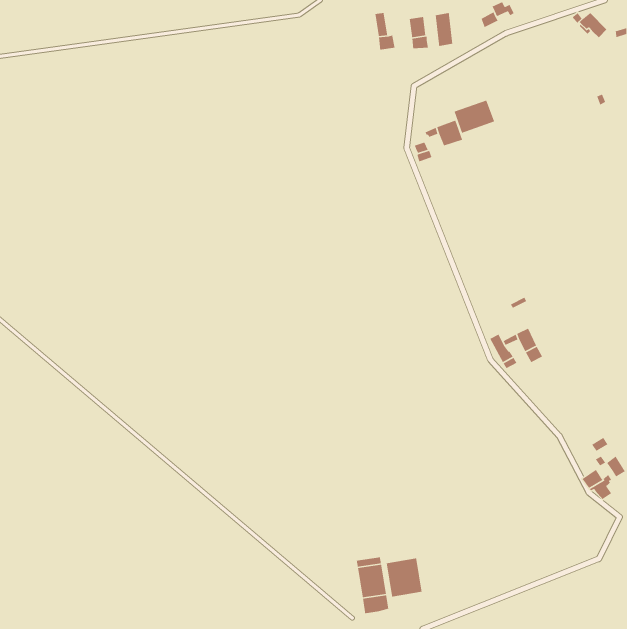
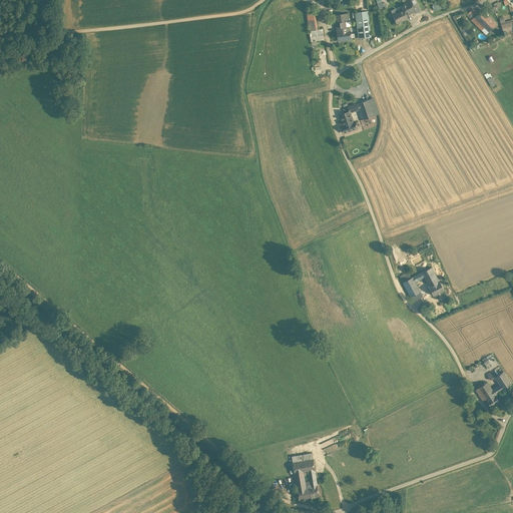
building: [453,99,495,134] -> none
building: [386,558,423,597] -> none

